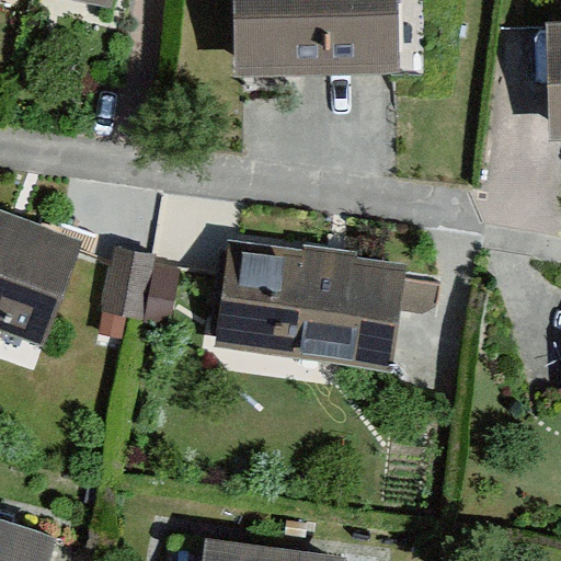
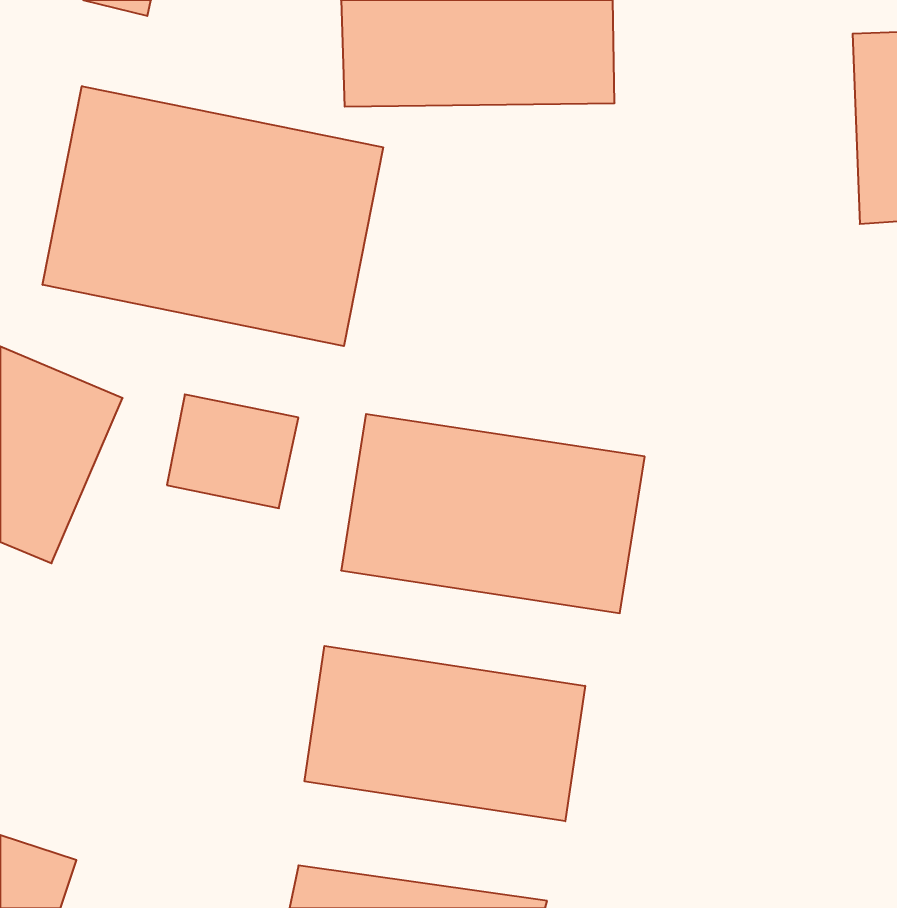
building: none -> [43,86,383,346]
building: none -> [305,646,585,821]

